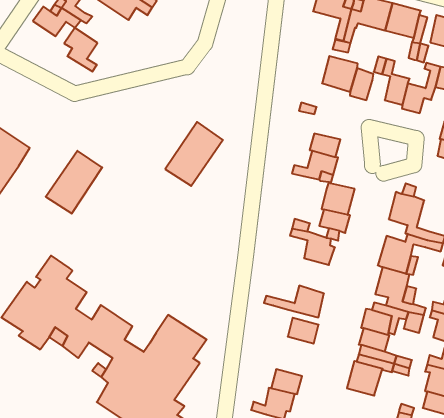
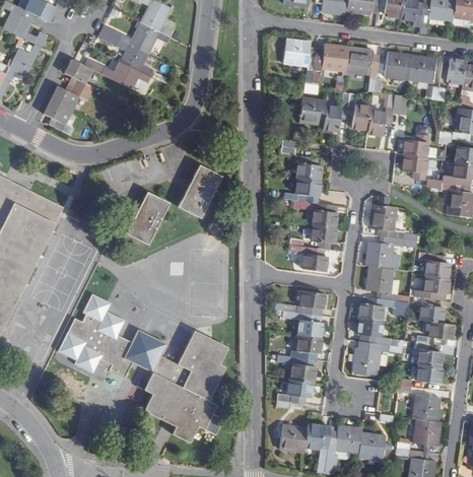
building: [64,28,97,72] -> [44,100,73,135]
building: [46,151,102,214] -> [125,194,168,247]
building: none -> [275,335,320,360]

